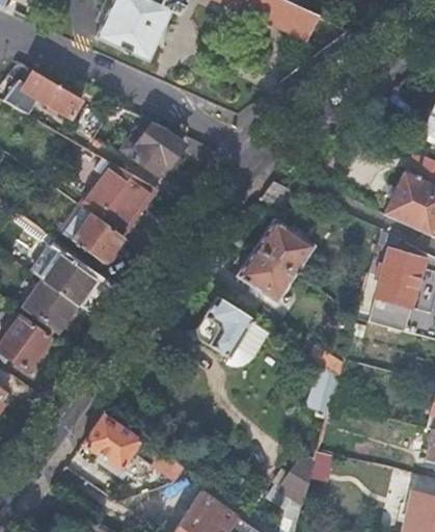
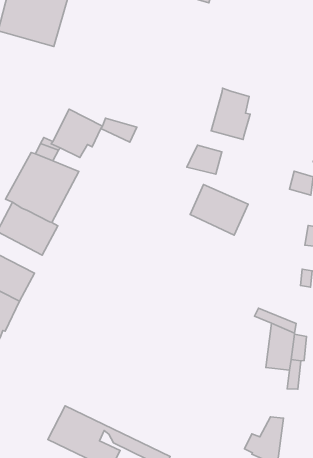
building: none -> [211,88,250,140]
building: [236,246,296,303] -> none
building: [196,298,268,366] -> none

